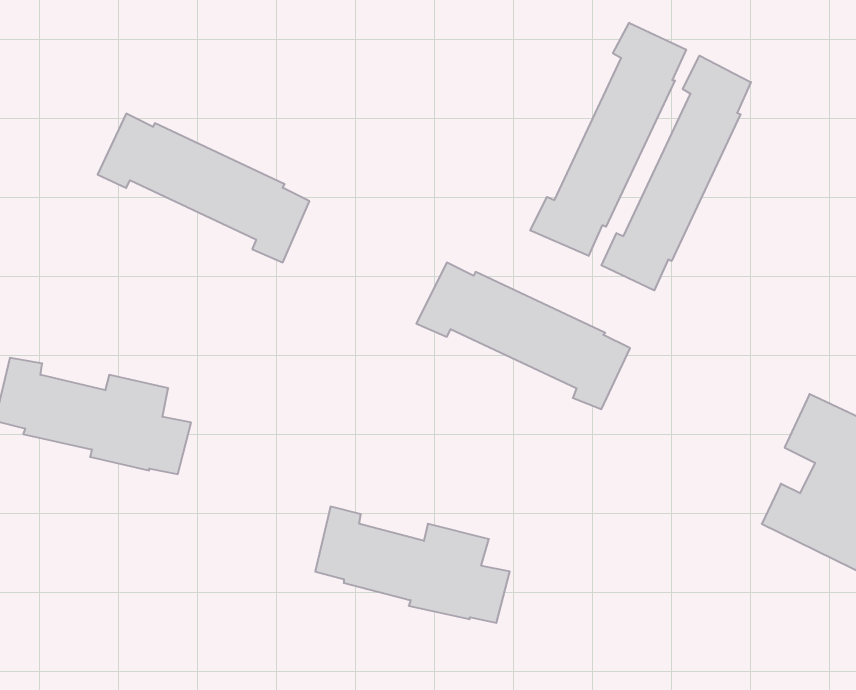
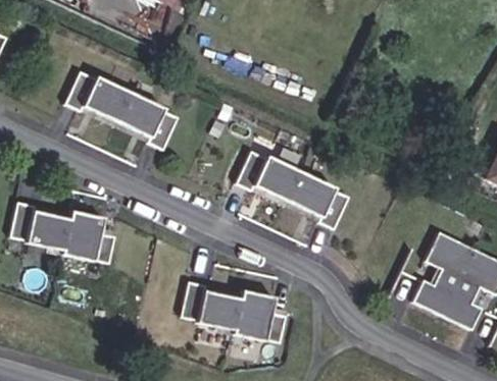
building: [530,23,686,256] -> none
building: [601,56,751,290] -> none

